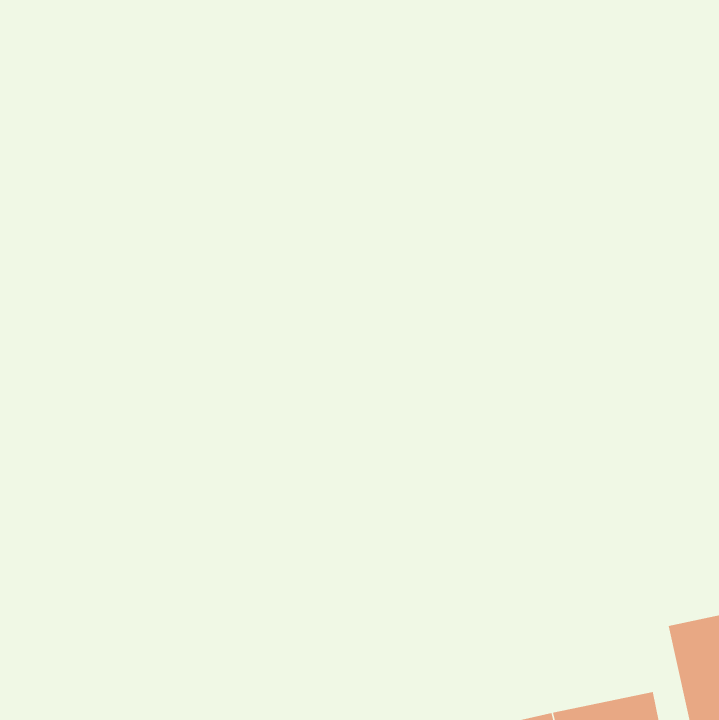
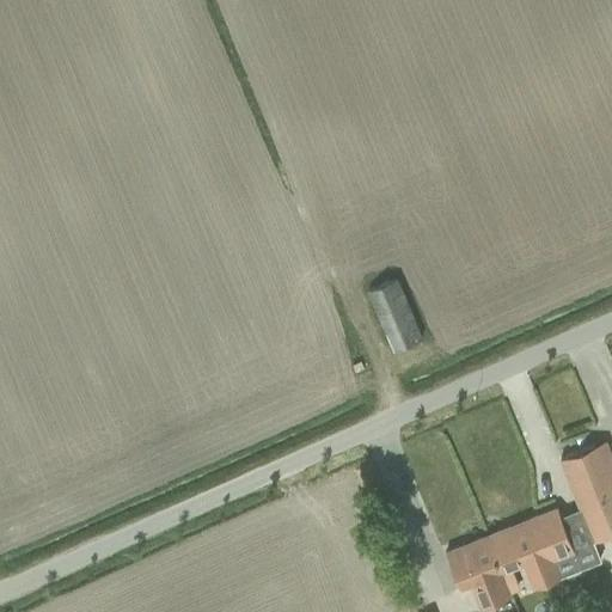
building: none -> [371,281,423,353]

